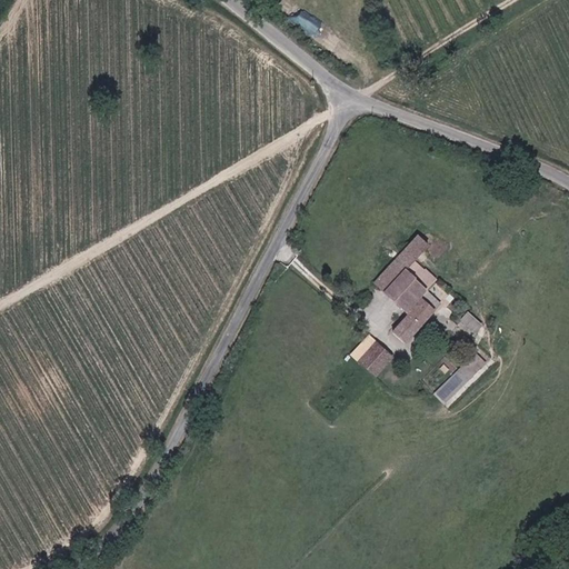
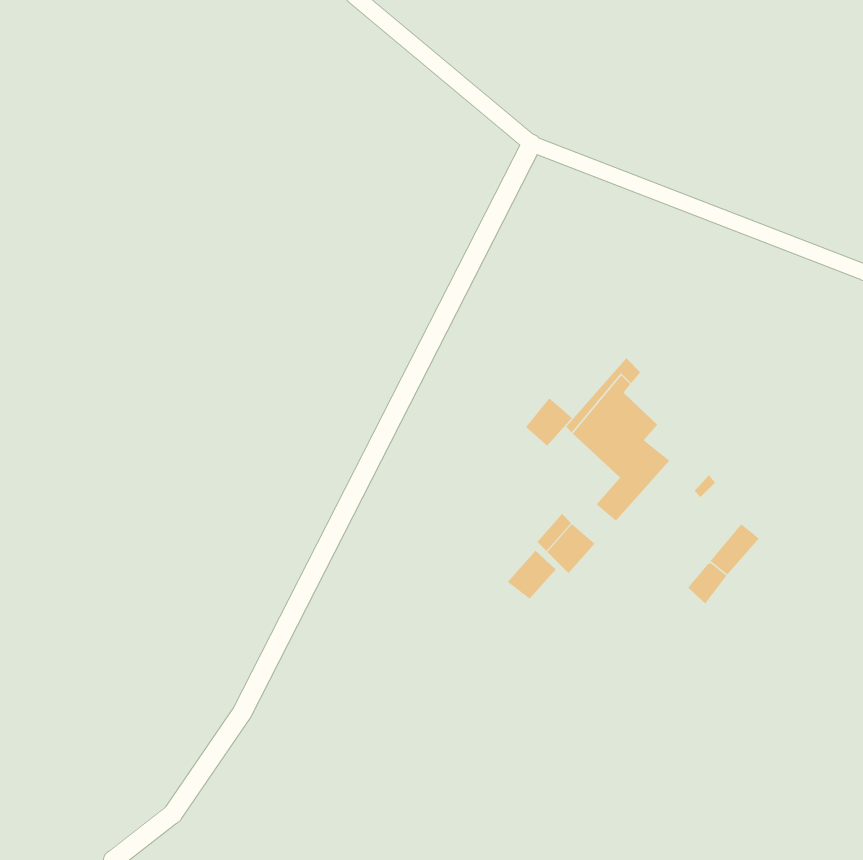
building: none -> [525,397,573,446]
building: none -> [507,550,556,600]

